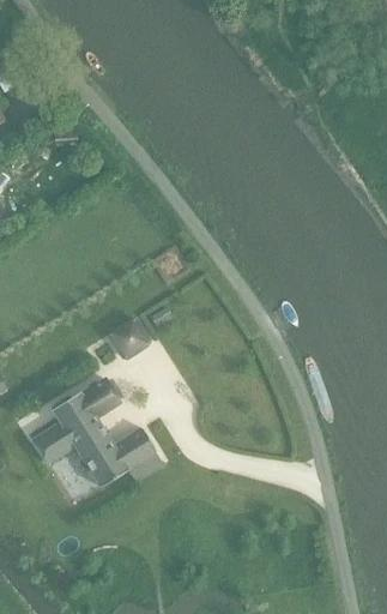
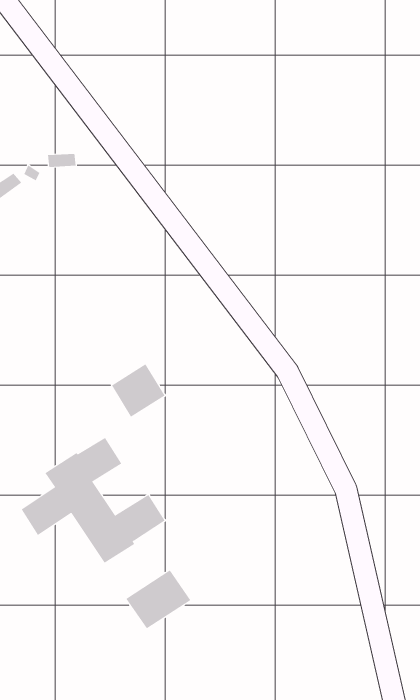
building: none -> [126,570,191,629]

